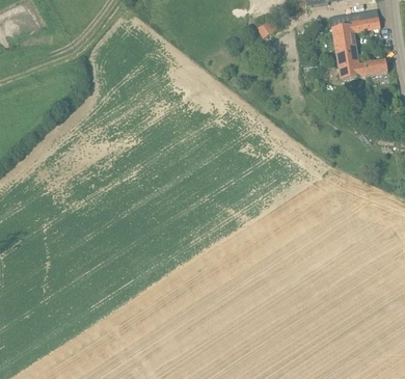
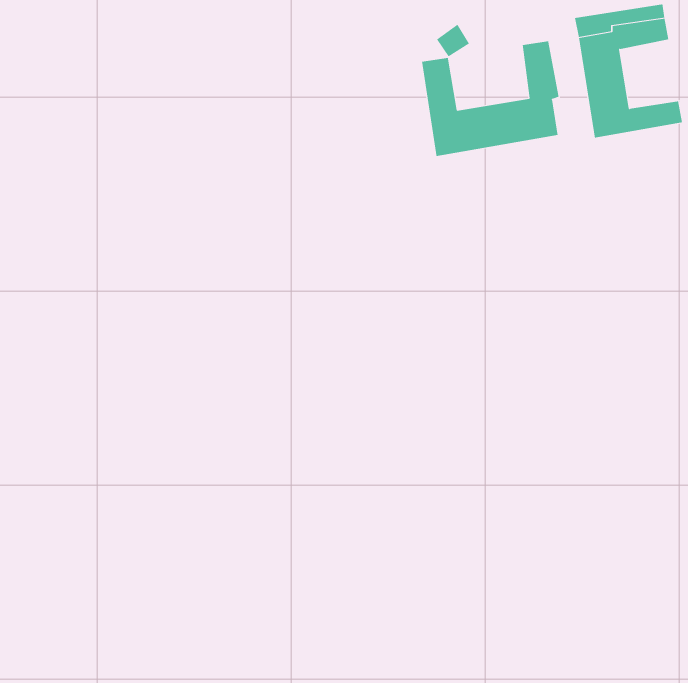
building: none -> [422,40,559,157]

